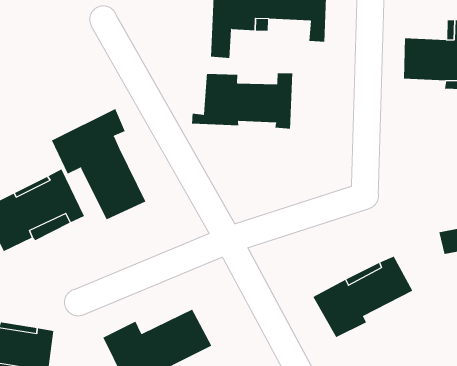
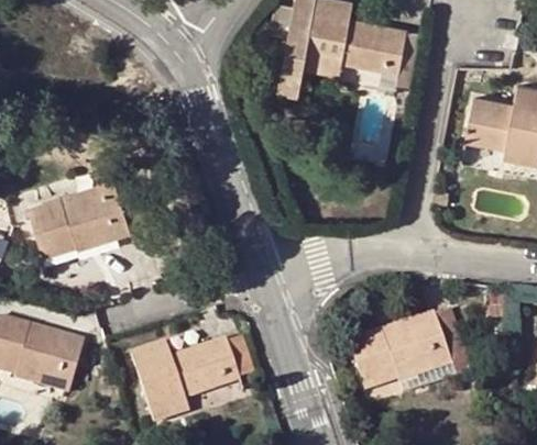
building: [192,73,293,129] -> none
building: [51,108,146,220] -> none
building: none -> [396,307,472,380]

